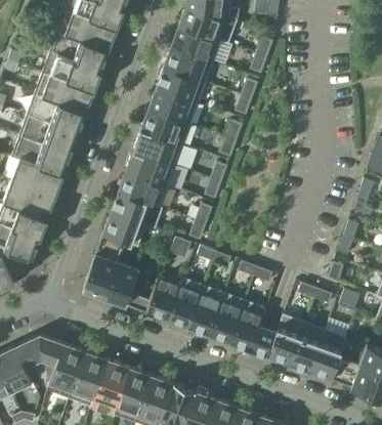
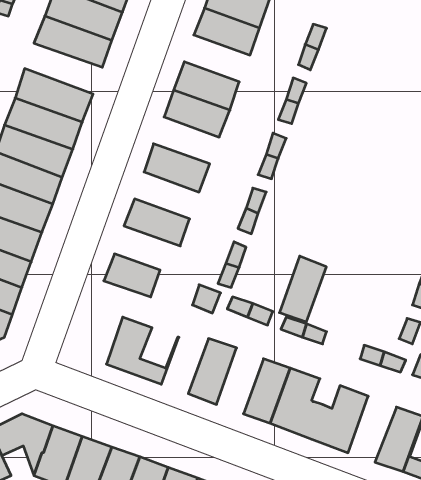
building: [164,46,214,82] -> none
building: [42,52,101,91] -> none
building: [140,109,190,144] -> none
building: [126,151,175,186] -> none
building: [111,192,163,228] -> none
building: [83,233,138,297] -> none
building: [146,277,182,320] -> none
building: [188,285,224,335] -> [279,256,326,322]
building: [289,322,326,372] -> none

